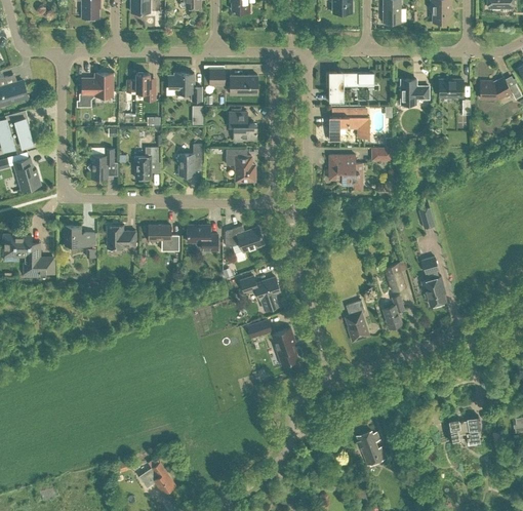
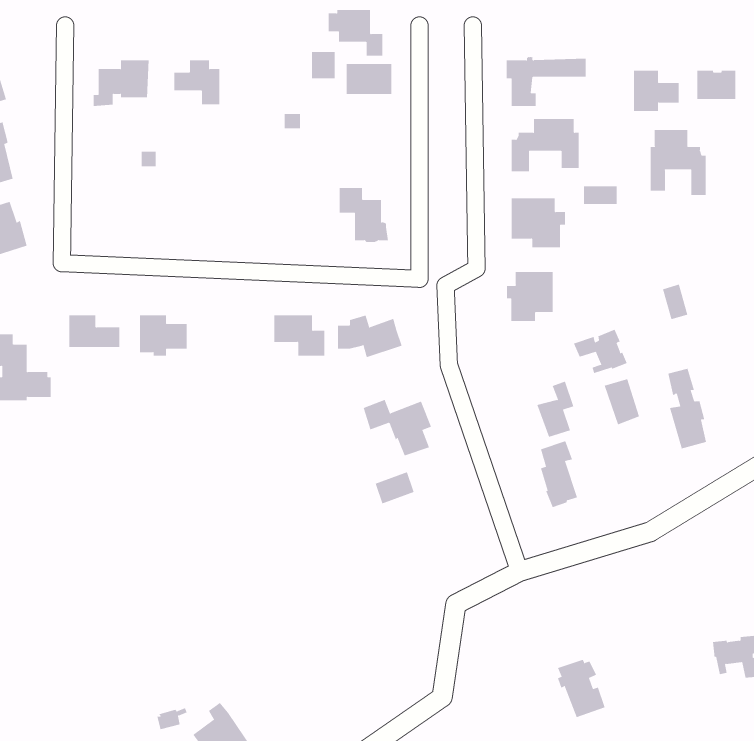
building: [168,74,201,102] -> [328,10,383,56]
building: [229,113,256,142] -> none
building: none -> [650,129,706,196]
building: [179,145,202,179] -> none
building: [134,148,158,179] -> none
building: [87,149,114,179] -> none
building: none -> [506,271,553,322]
building: [148,226,178,251] -> none
building: none -> [573,329,627,374]
building: [381,294,404,328] -> [536,381,574,438]
building: [271,328,298,365] -> none

